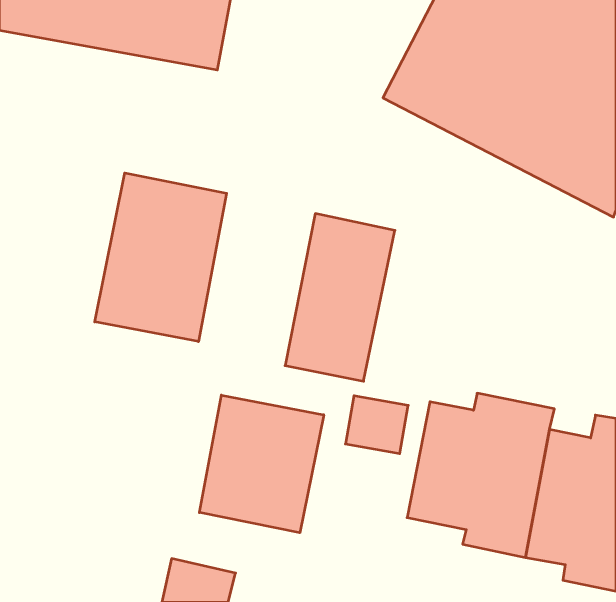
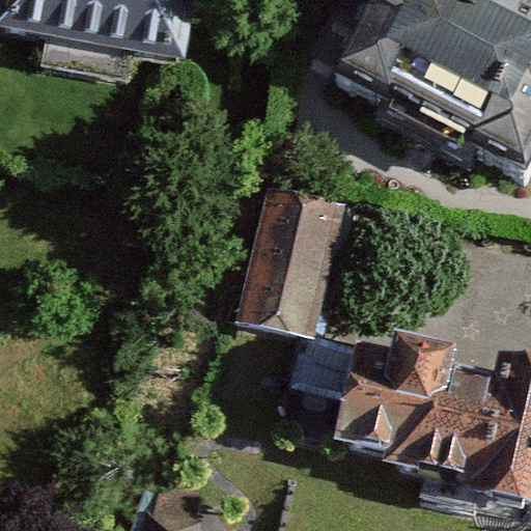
building: [95,173,227,342] -> none
building: [199,395,324,533] -> none

